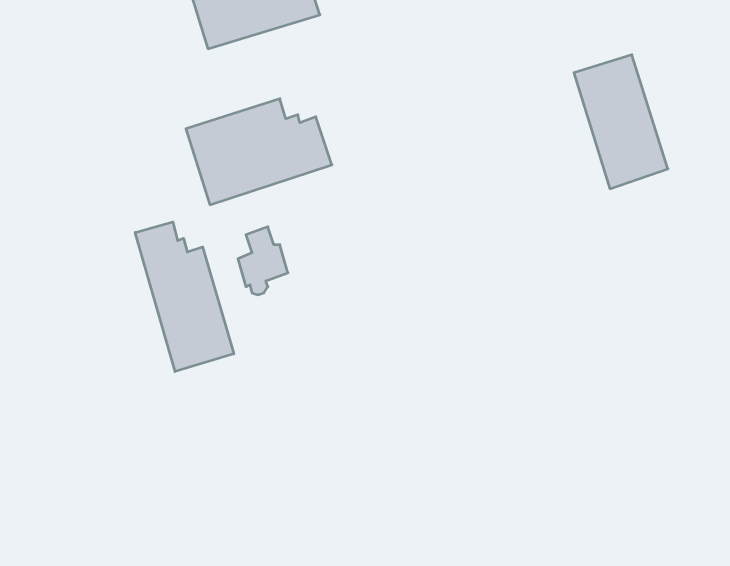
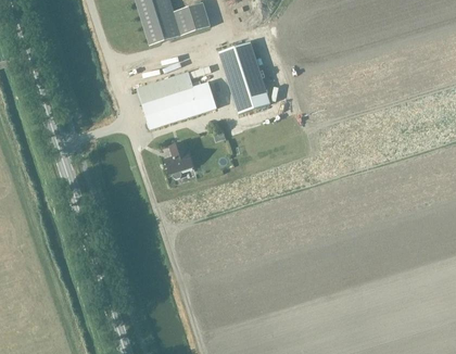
building: [574,55,668,189] -> [218,41,269,114]
building: [135,222,234,372] -> none

